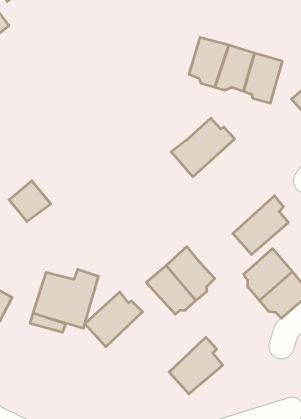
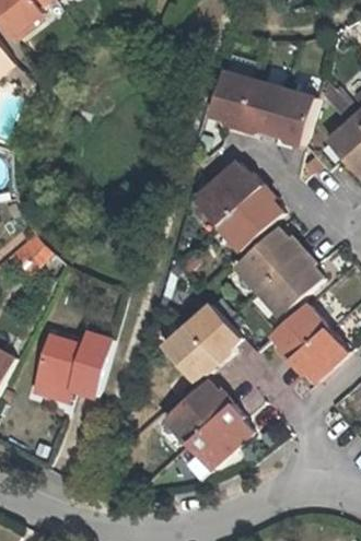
building: none -> [217,185,280,251]
building: none -> [237,224,306,289]
building: [85,292,143,347] -> [167,380,231,440]

